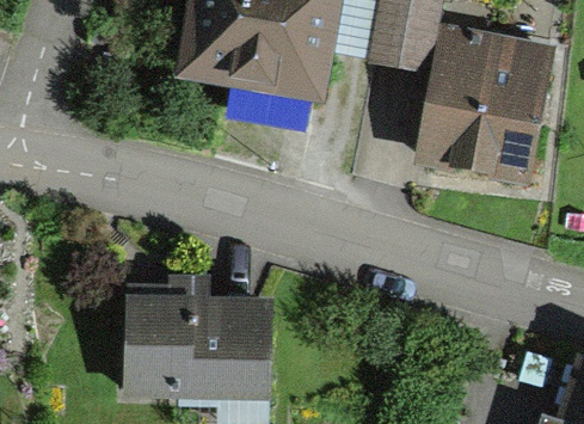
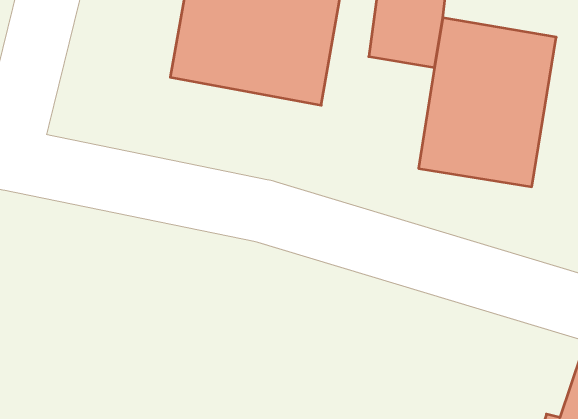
building: [115,308,258,401] -> none

